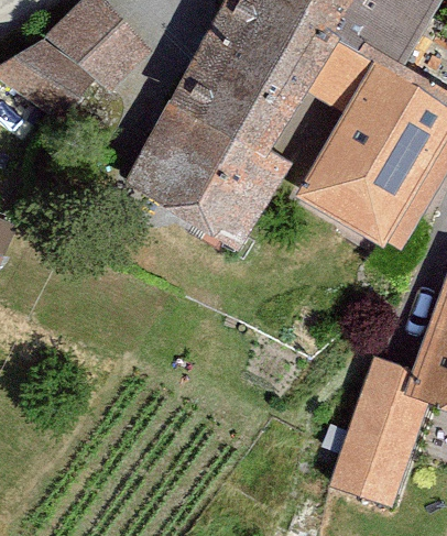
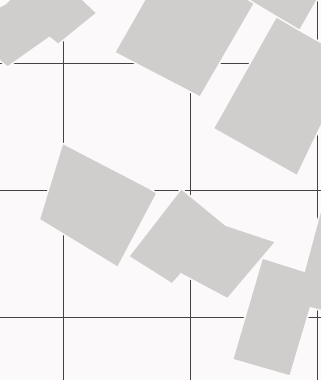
building: [144,97,293,253] -> [39,143,157,267]
building: none -> [128,189,276,299]

